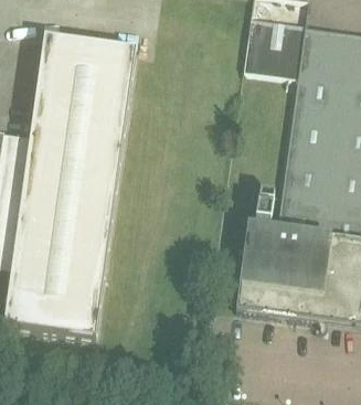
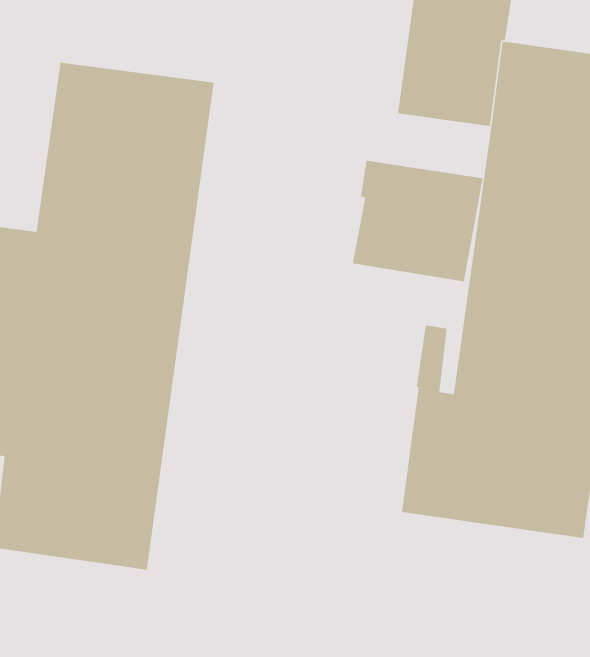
building: none -> [352,160,483,282]

